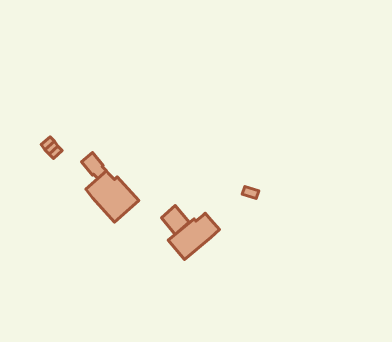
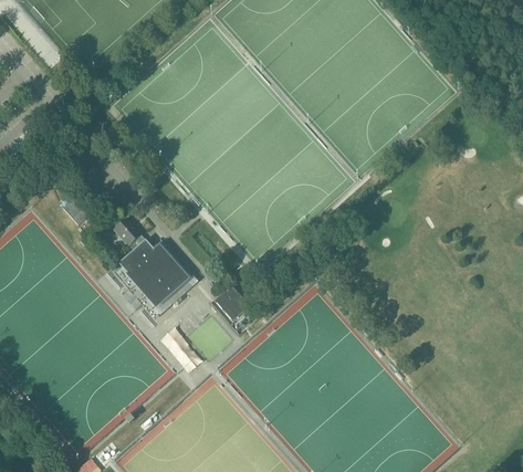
building: [168,213,219,260] -> none

